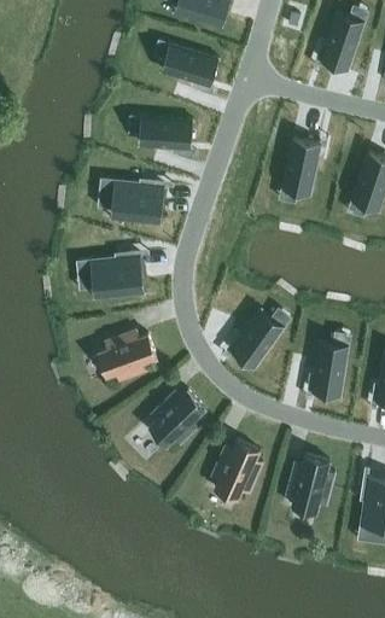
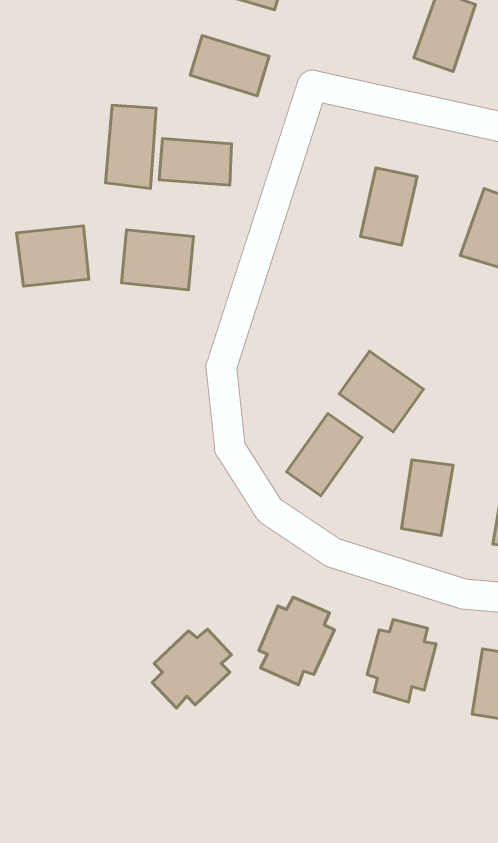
building: none -> [105,105,156,188]
building: [94,255,145,297] -> [17,226,89,286]
building: none -> [339,351,424,432]
building: [98,330,157,380] -> none
building: [150,390,205,445] -> [152,629,231,708]

